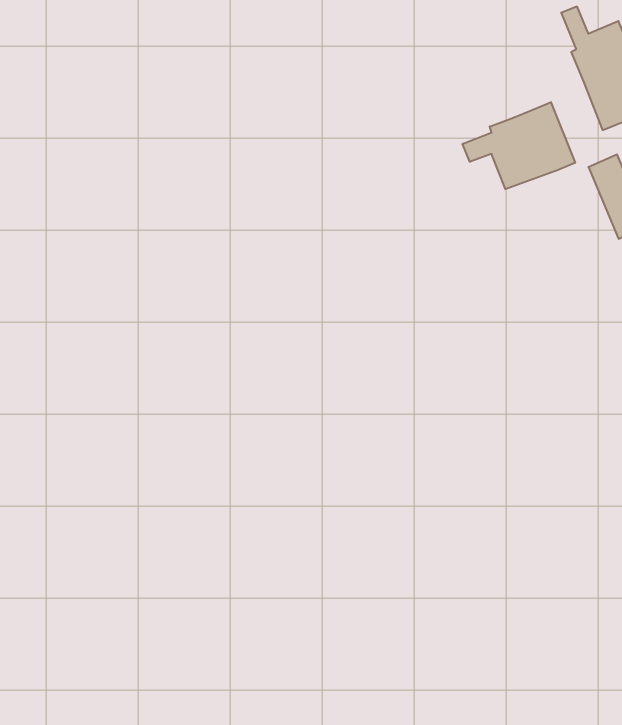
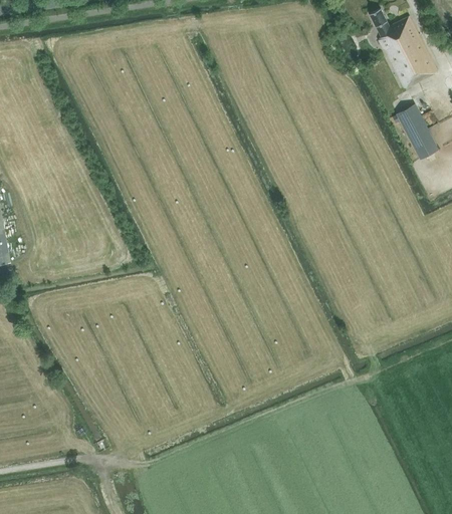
building: [463,102,575,189] -> none

